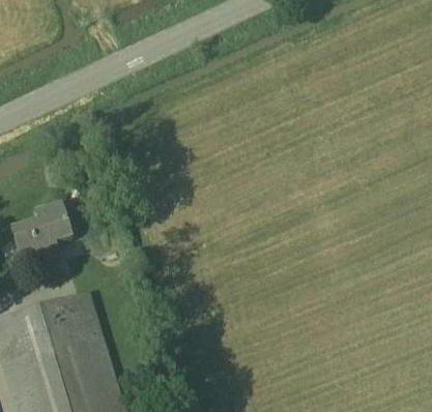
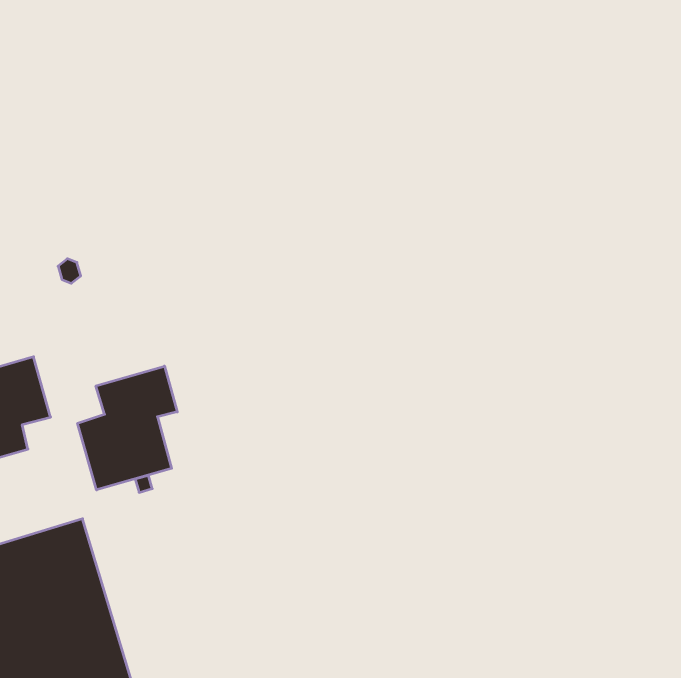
building: none -> [78,366,177,490]

